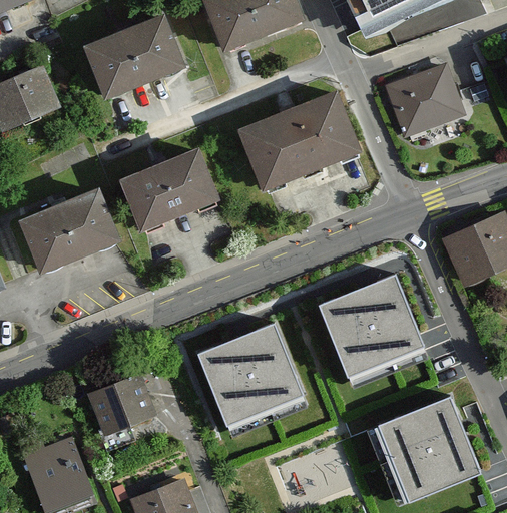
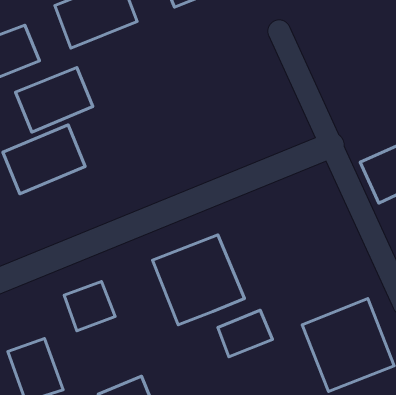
building: [387,69,465,140] -> none
building: [241,95,359,192] -> none
building: [127,153,218,229] -> [16,67,93,132]
building: [316,272,423,378] -> none
building: none -> [218,310,272,357]

